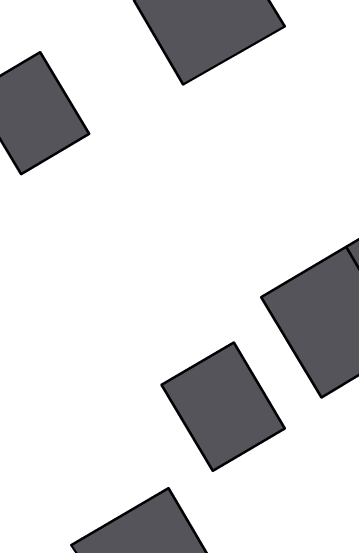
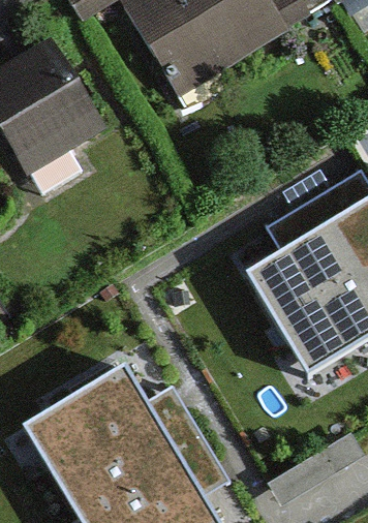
building: [162,342,285,471] -> none
building: none -> [32,377,165,504]

